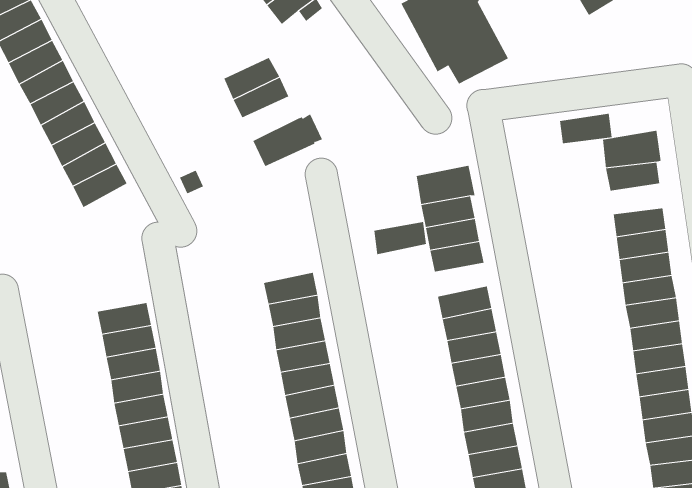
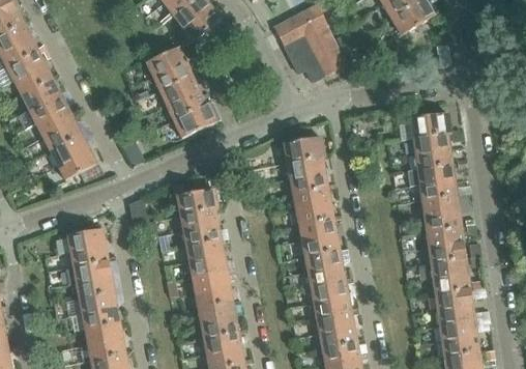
building: none -> [146,47,184,77]
building: none -> [166,89,204,119]
building: [559,113,612,144] -> [415,148,451,169]
building: none -> [58,148,96,179]
building: [373,221,427,255] -> [296,202,332,225]
building: none -> [176,188,217,216]

